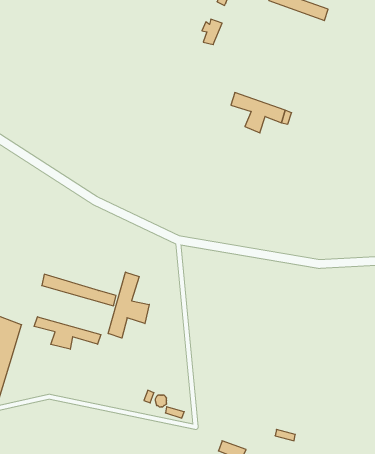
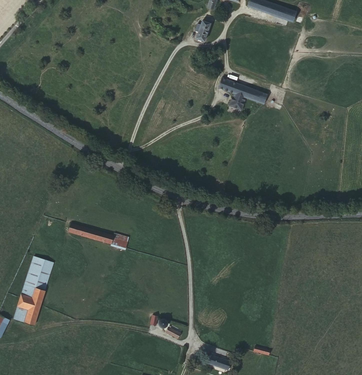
building: [108,272,149,338] -> none
building: [34,317,101,349] -> none

